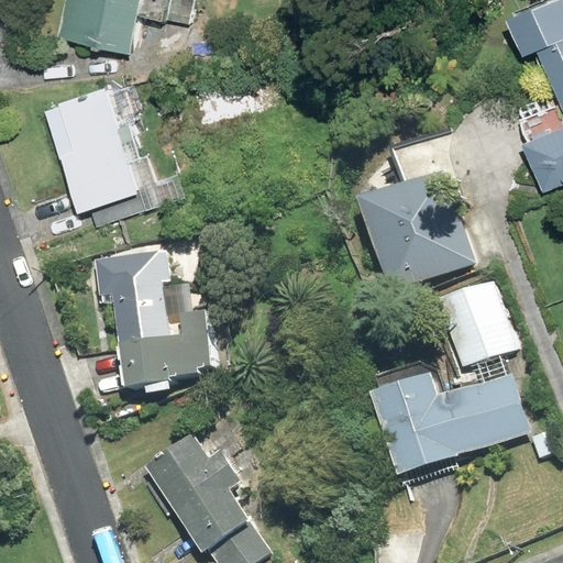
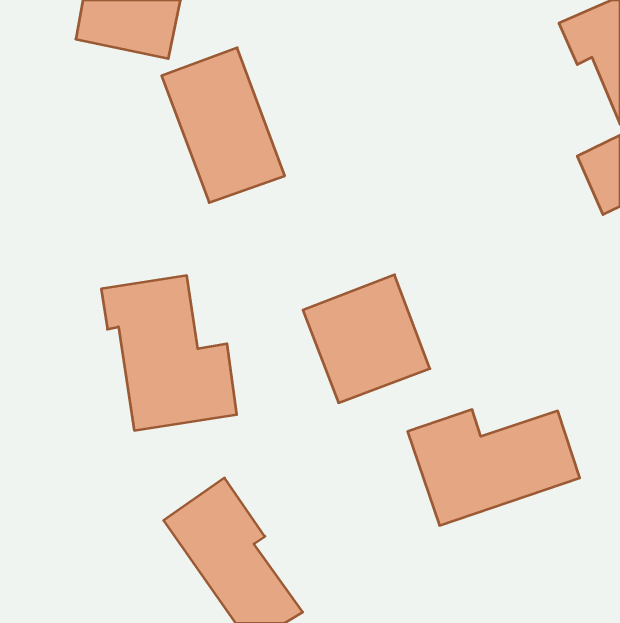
building: [56,76,167,216] -> [162,48,285,203]
building: [369,172,484,287] -> [303,275,430,403]
building: [433,276,514,368] -> none

